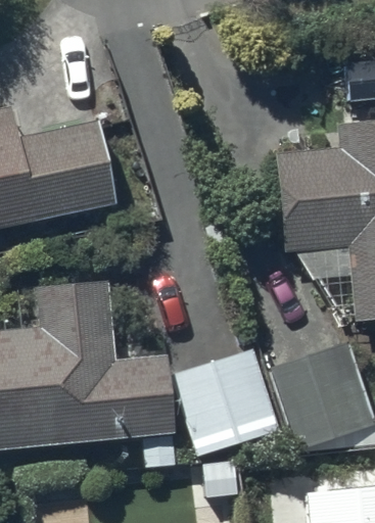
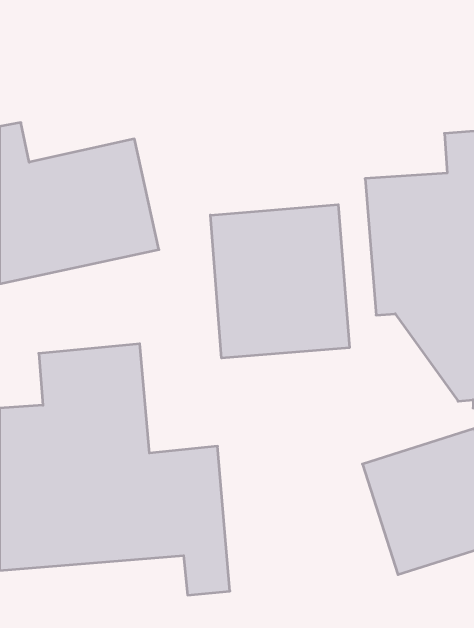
building: none -> [210,205,349,358]
building: [174,345,287,453] -> none

